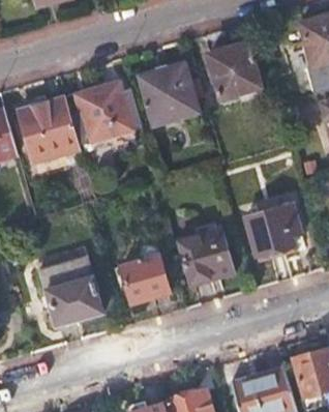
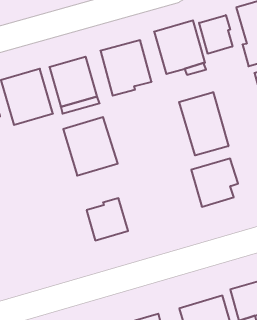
building: none -> [199,15,232,54]
building: none -> [179,92,228,155]
building: [177,226,236,285] -> none
building: [39,255,104,325] -> [63,117,118,176]

